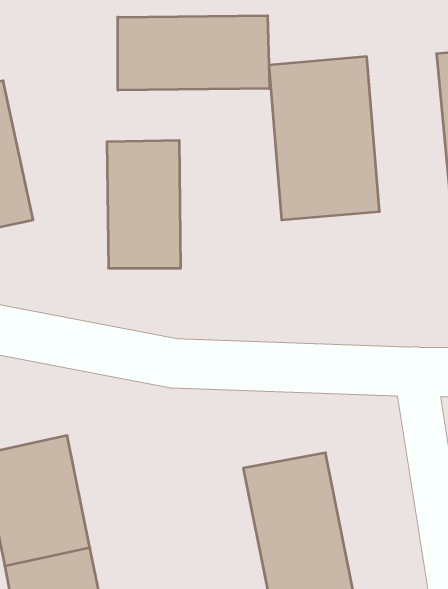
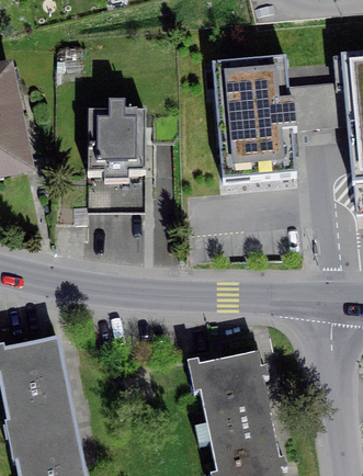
building: [118,16,269,90] -> none

